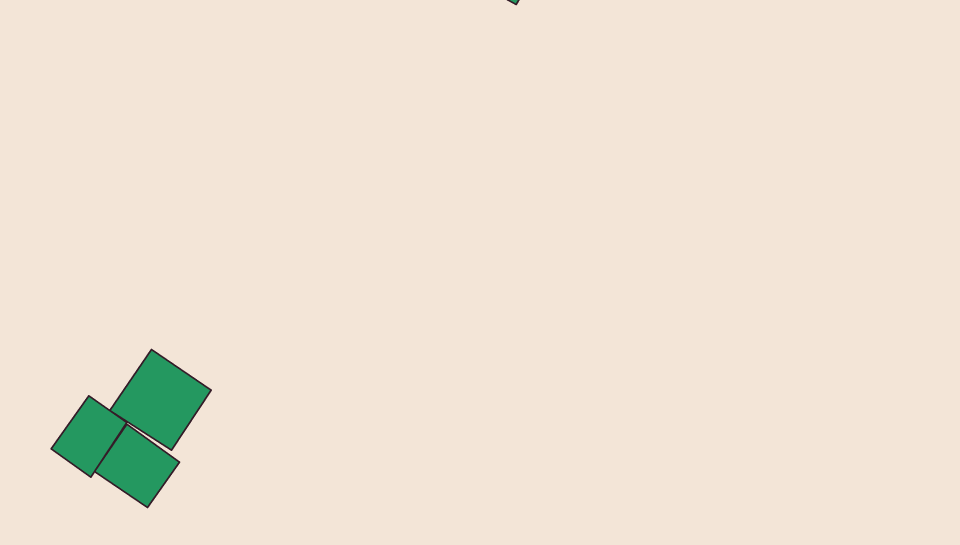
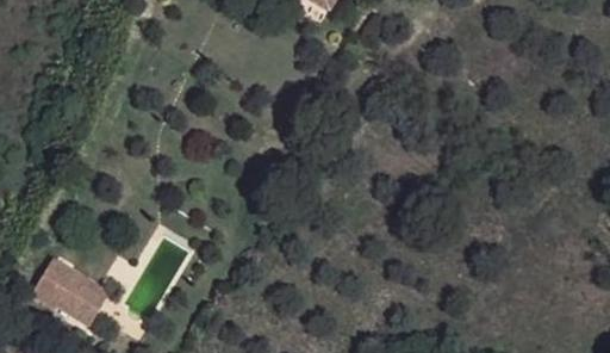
building: [110,349,211,450] -> none

